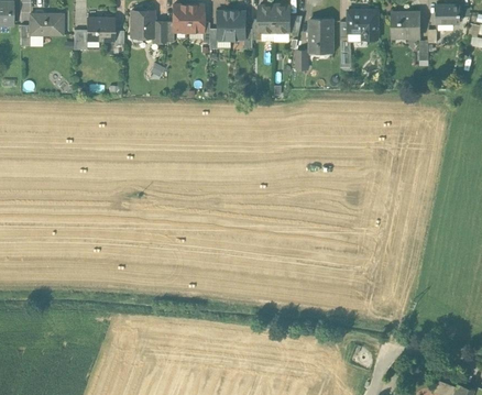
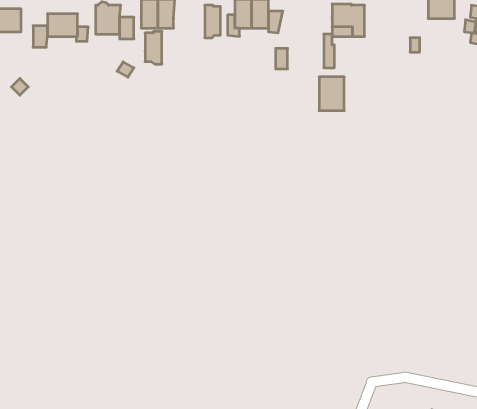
building: [216,11,231,41] -> [145,32,162,64]
building: [392,12,420,37] -> none
building: [309,20,332,51] -> [319,77,344,111]

